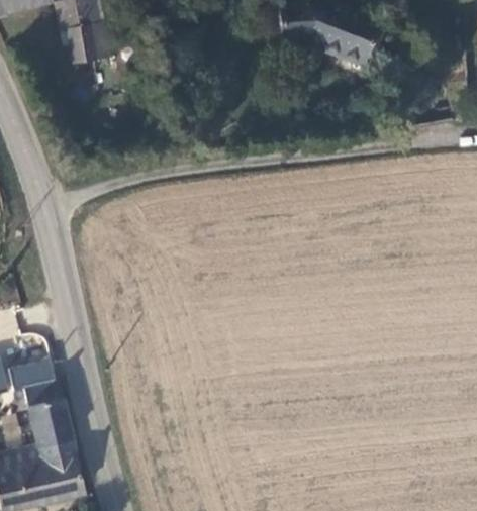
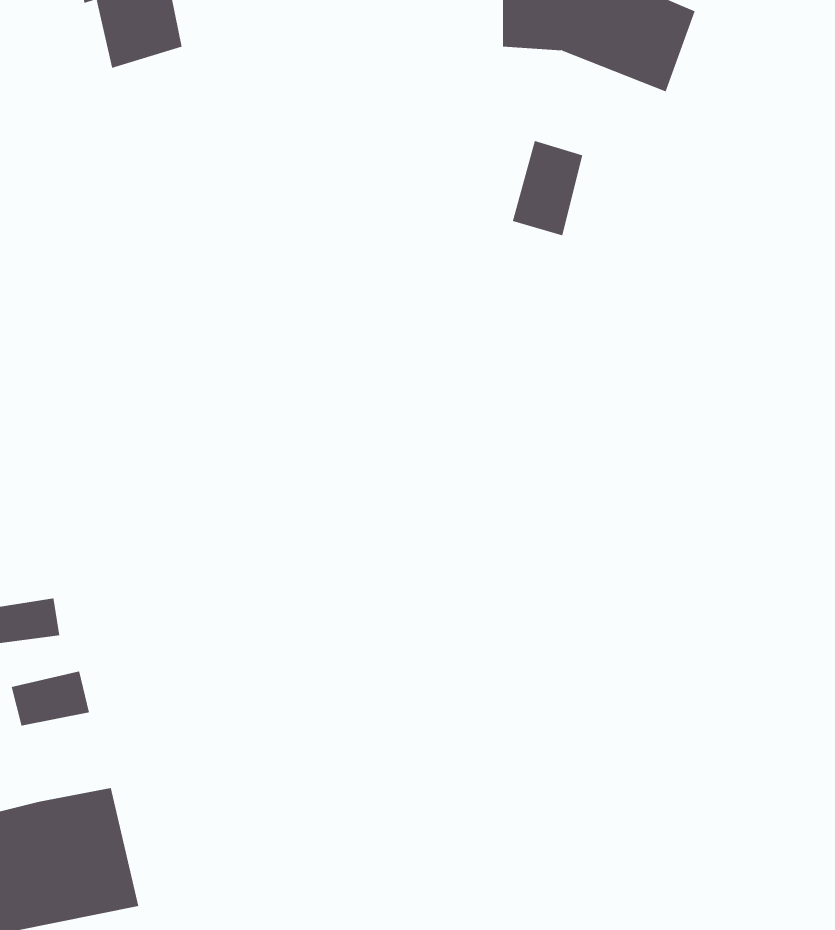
building: none -> [512,140,583,236]
building: [25,391,72,436] -> none

